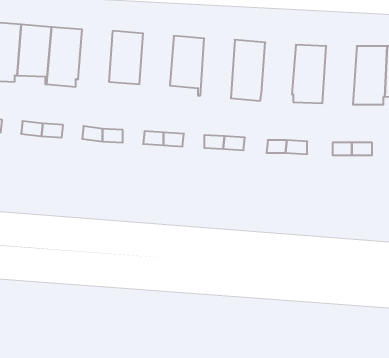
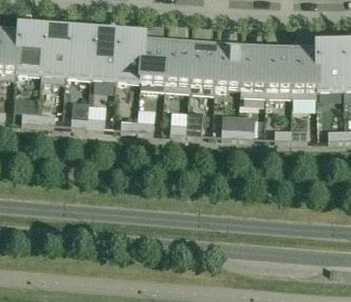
building: none -> [68,32,96,74]
building: none -> [118,35,146,78]
building: none -> [168,39,196,88]
building: none -> [217,42,245,85]
building: none -> [267,46,295,93]

